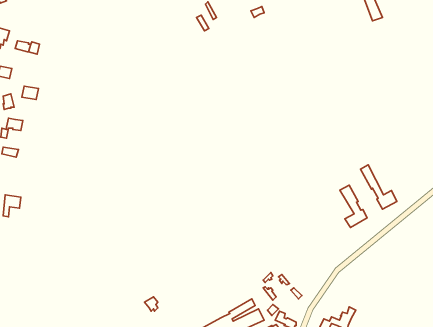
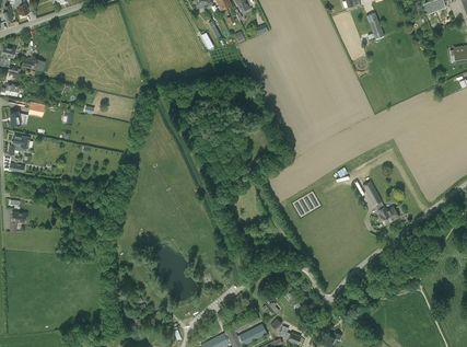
building: [340,185,367,227] -> none

